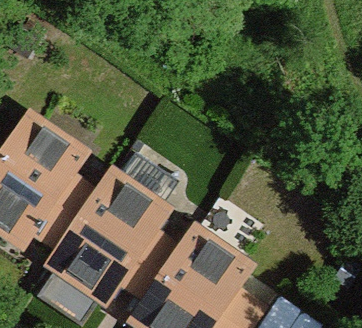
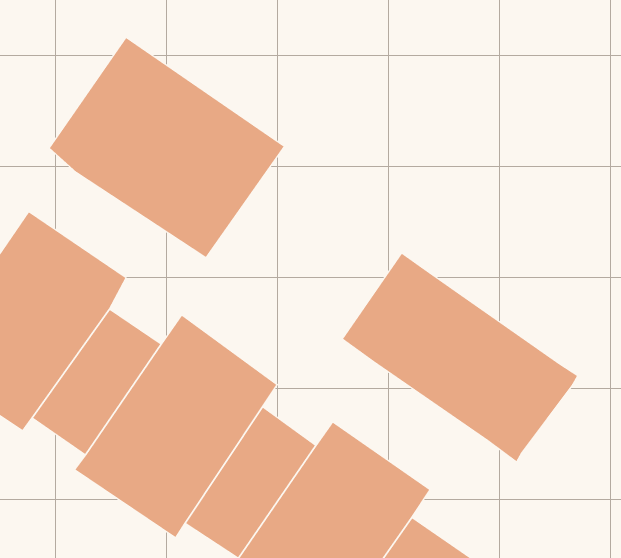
building: none -> [49,37,285,258]
building: none -> [342,253,578,462]

